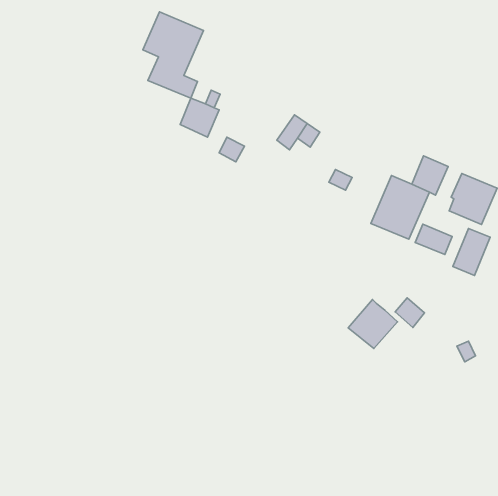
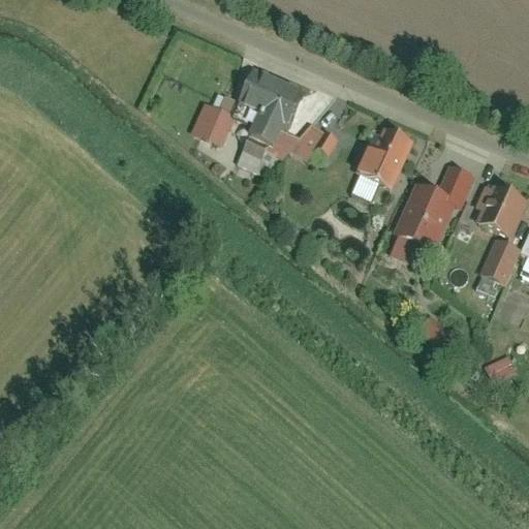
building: [143,12,204,98] -> [239,61,303,152]
building: none -> [355,127,412,188]
building: [415,224,452,255] -> none
building: [348,300,398,348] -> none

